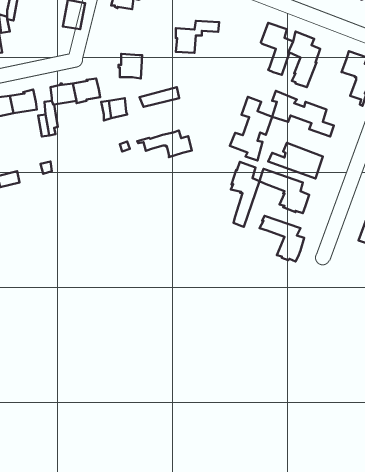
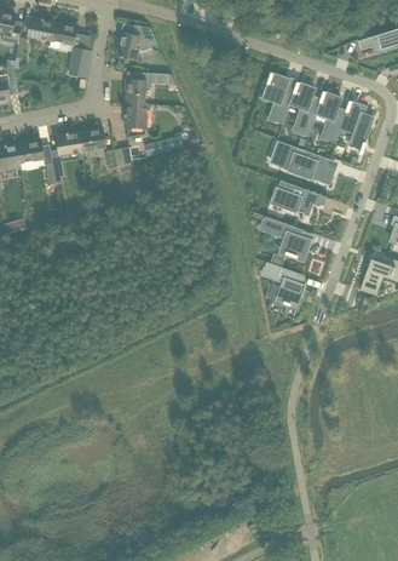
building: [176,21,219,53] -> [125,73,167,104]
building: none -> [315,91,345,143]
building: [230,97,272,161] -> none
building: [137,130,192,157] -> none
building: [231,162,260,227] -> none

